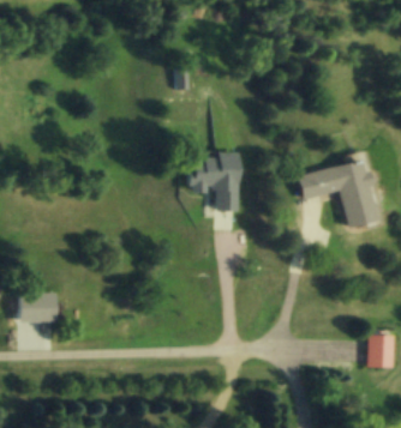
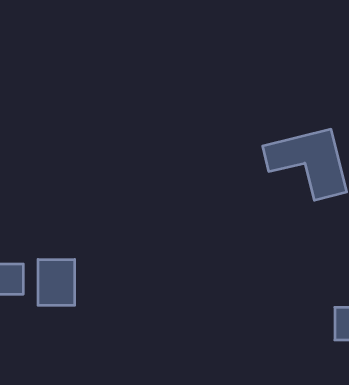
building: [188,153,239,212] -> none
building: none -> [38,259,75,305]

